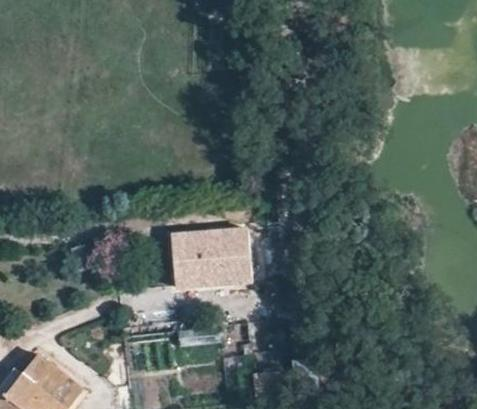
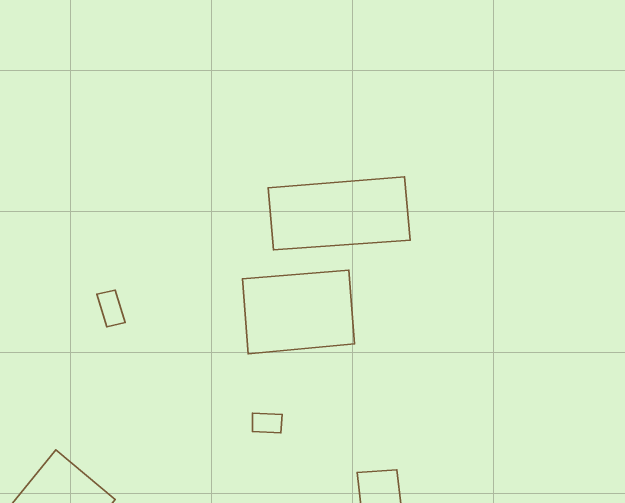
building: none -> [268,177,410,250]

